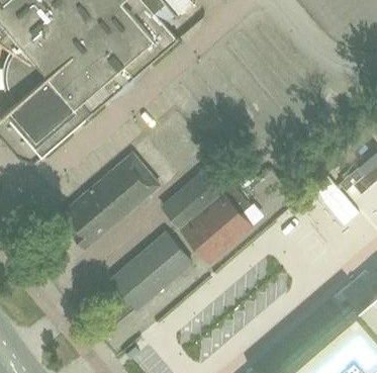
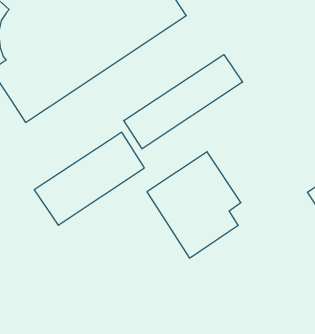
building: none -> [124,55,243,149]
building: [110,234,192,311] -> none

